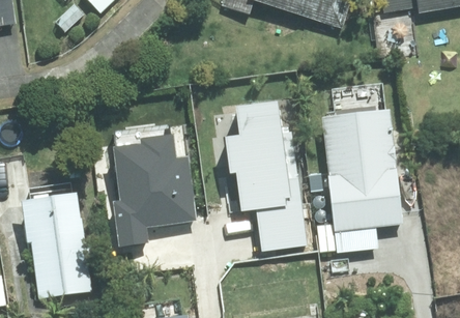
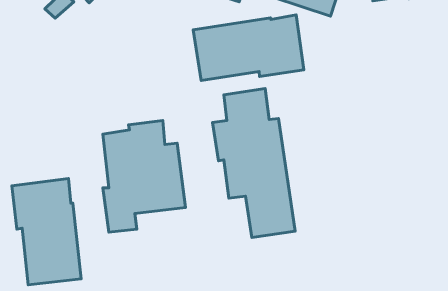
building: none -> [193,15,304,81]
building: [315,110,402,254] -> none

